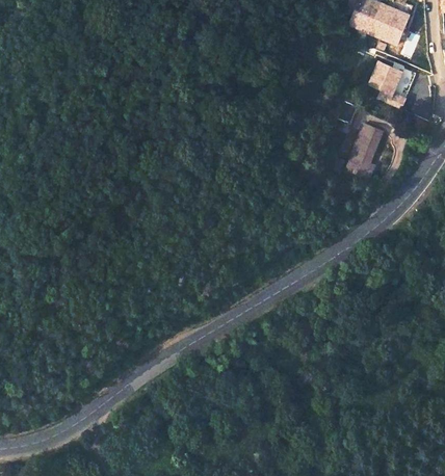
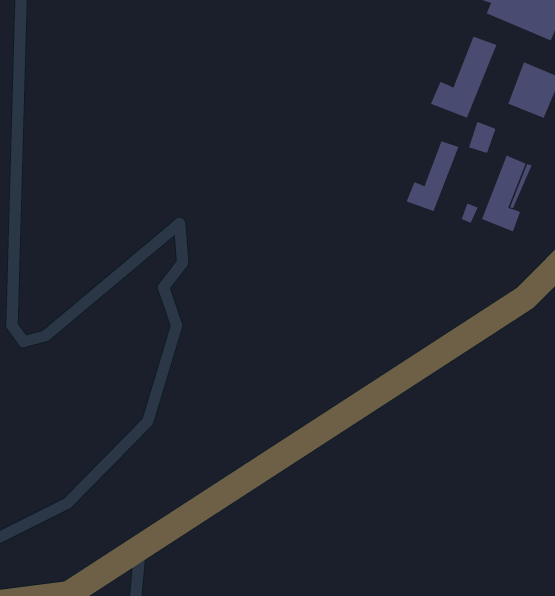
building: none -> [430,36,497,118]
building: none -> [406,140,459,212]

